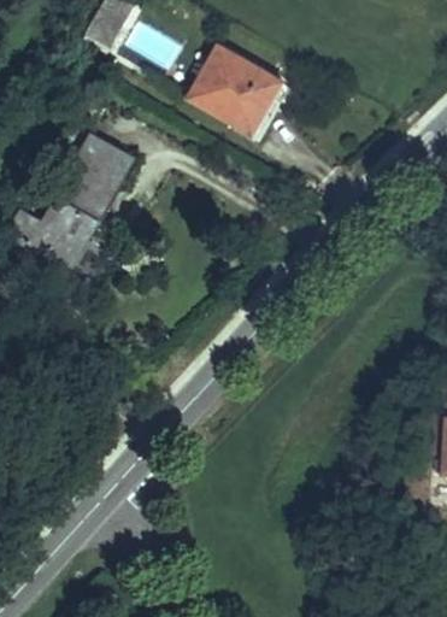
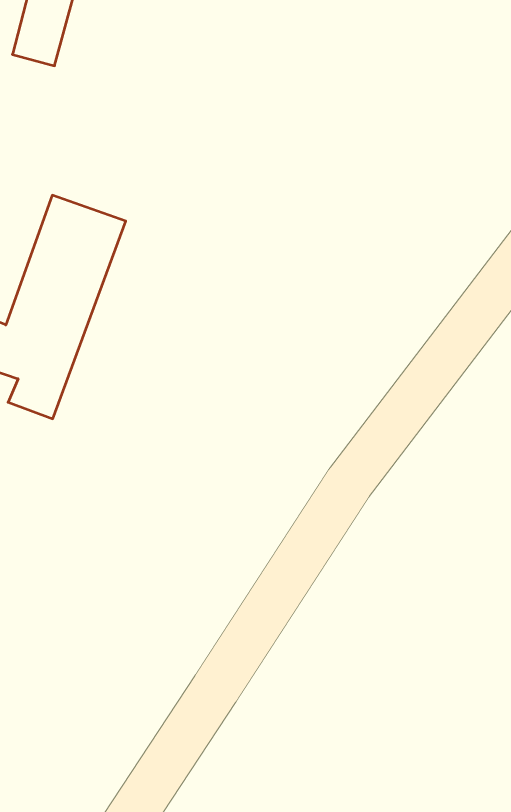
building: [188,45,275,125] -> none

